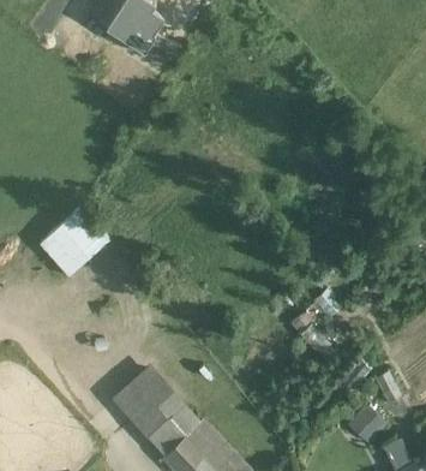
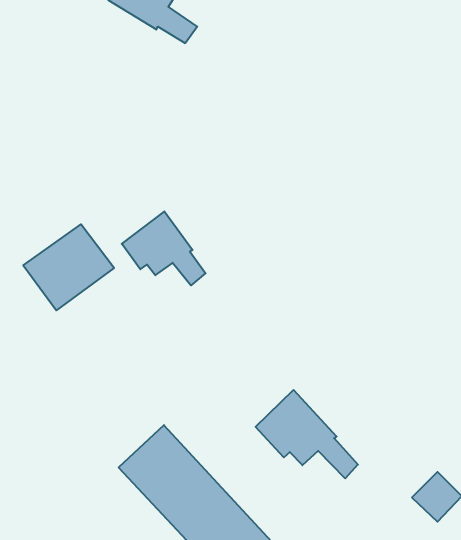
building: none -> [122,211,206,285]
building: none -> [256,390,358,478]

